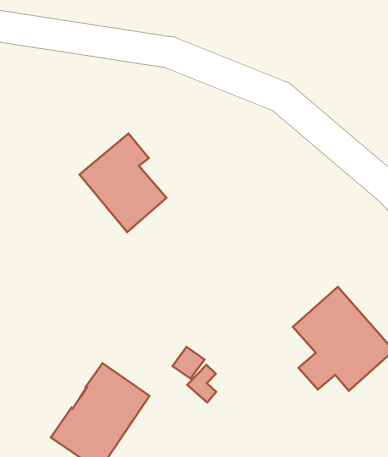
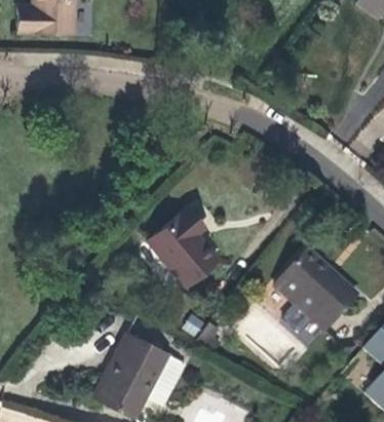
building: [79,134,166,232] -> [140,206,210,284]

